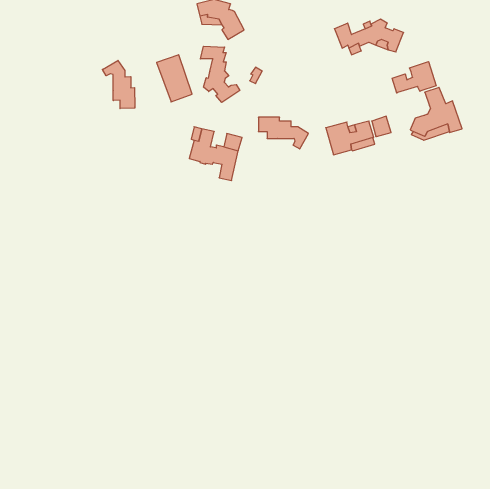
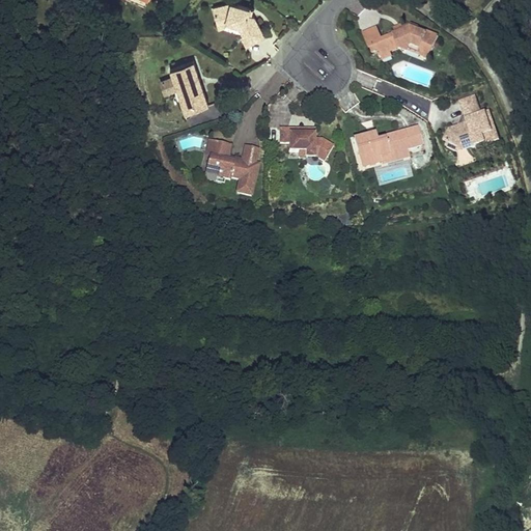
building: [200,46,240,102] -> none
building: [102,60,135,109] -> none
building: [392,62,436,93] -> none

